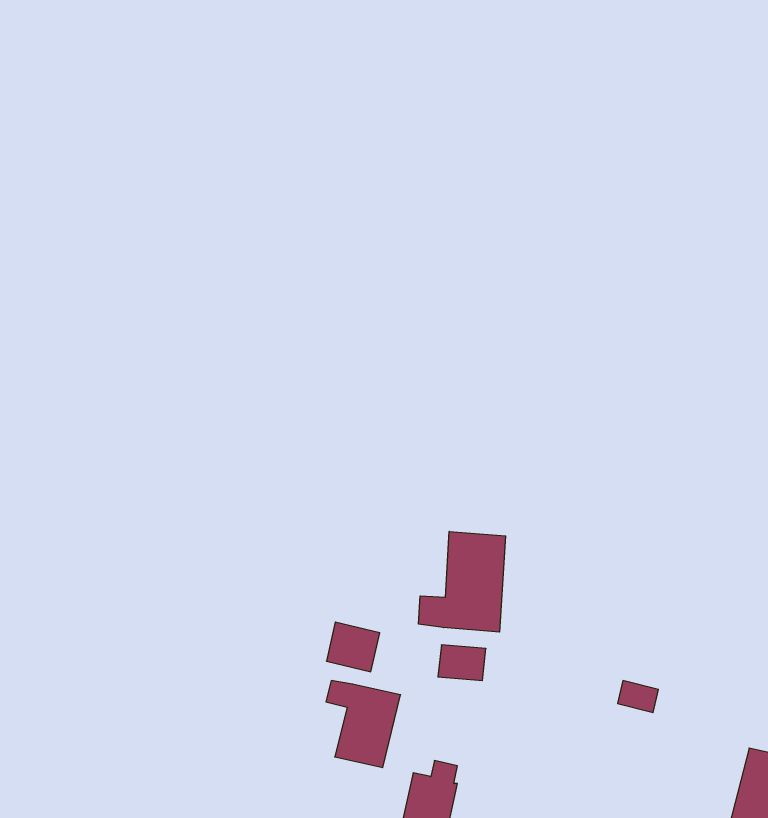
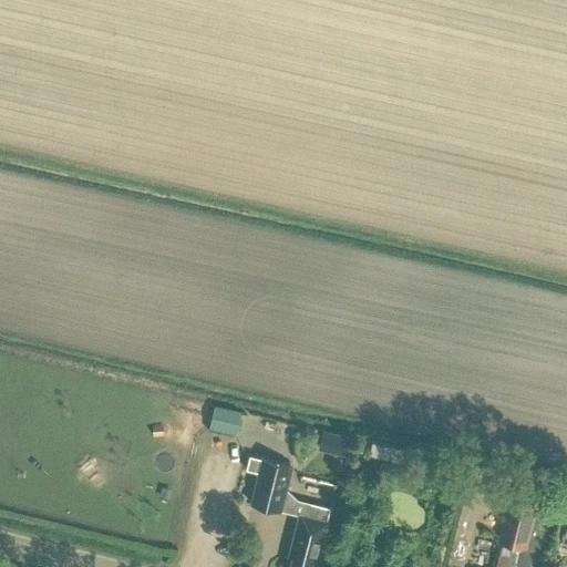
building: [419,531,506,632] -> none
building: [326,622,380,672] -> [209,410,243,441]

